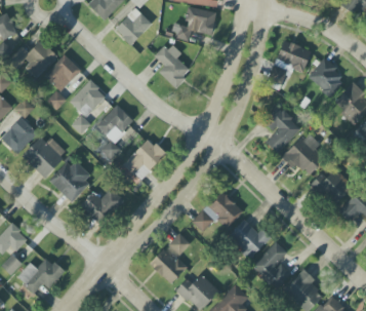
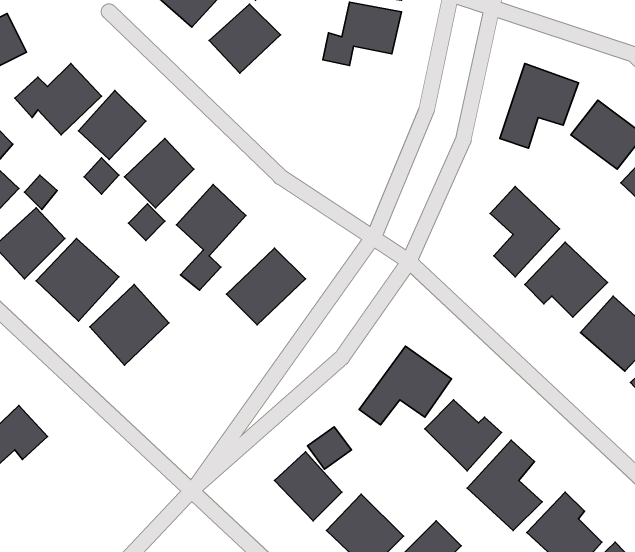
building: [154,43,190,87] -> none
building: [79,188,123,225] -> none
building: [16,257,64,294] -> none

